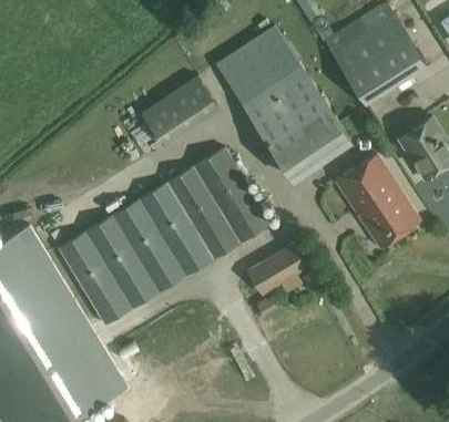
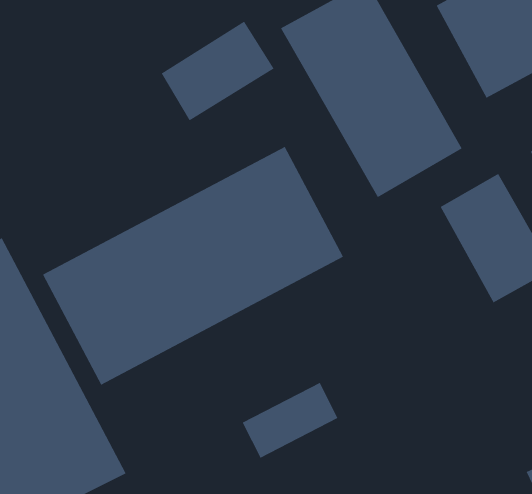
building: [249,239,317,296] -> [242,382,338,458]

